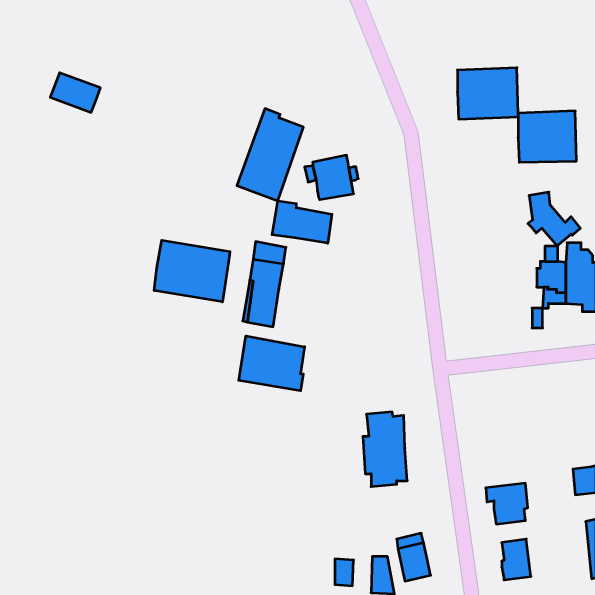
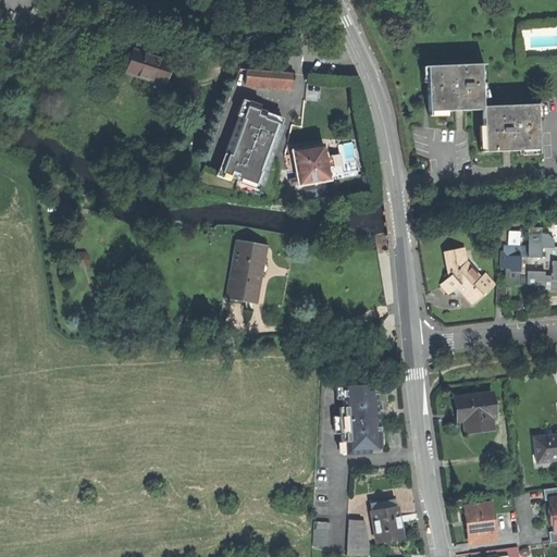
building: [50,73,100,112] -> [123,50,170,87]
building: none -> [246,70,295,88]
building: [528,192,580,246] -> [446,251,495,301]
building: [272,201,332,243] -> none
building: [154,240,230,302] -> none
building: [239,336,305,391] -> none
building: [486,483,528,524] -> [457,393,496,431]

